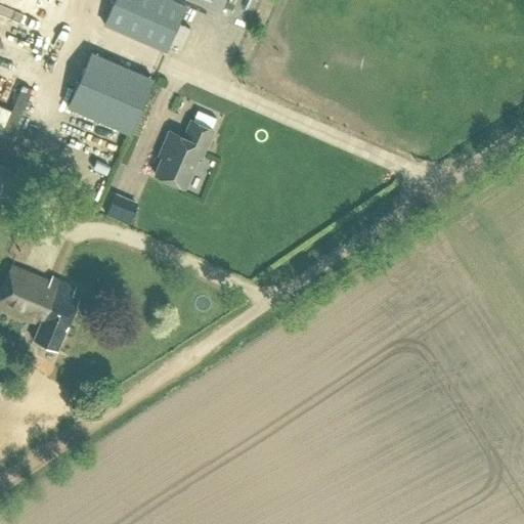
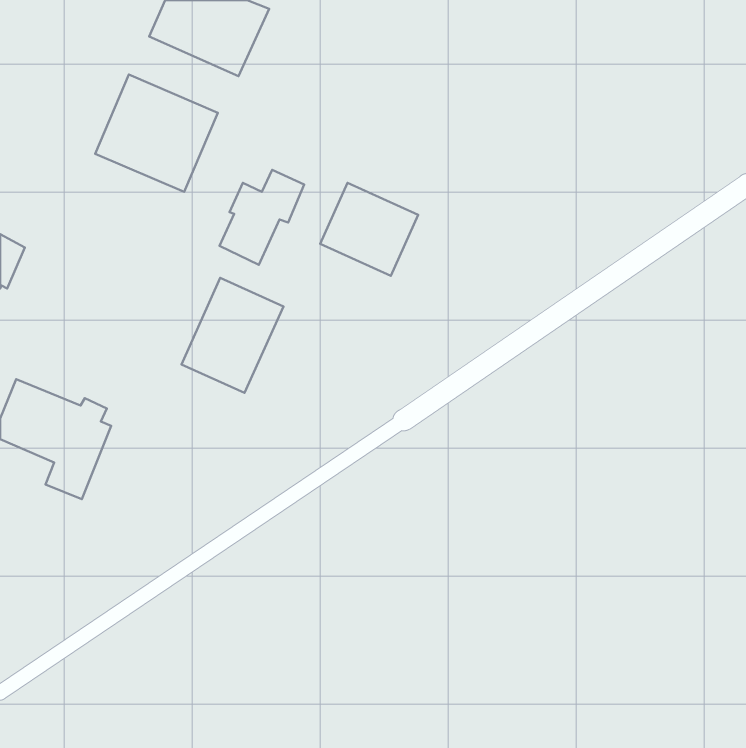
building: none -> [320,183,418,276]
building: none -> [181,278,284,393]

